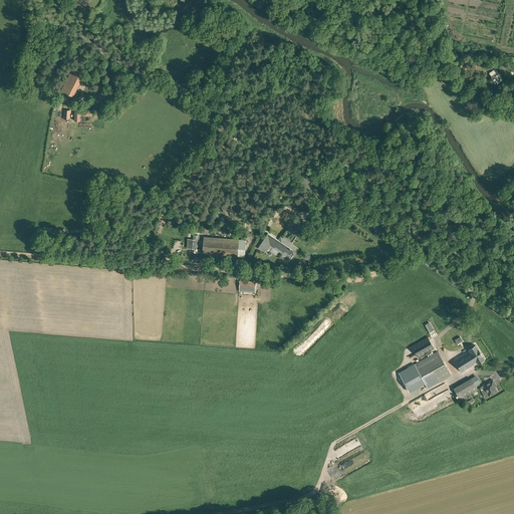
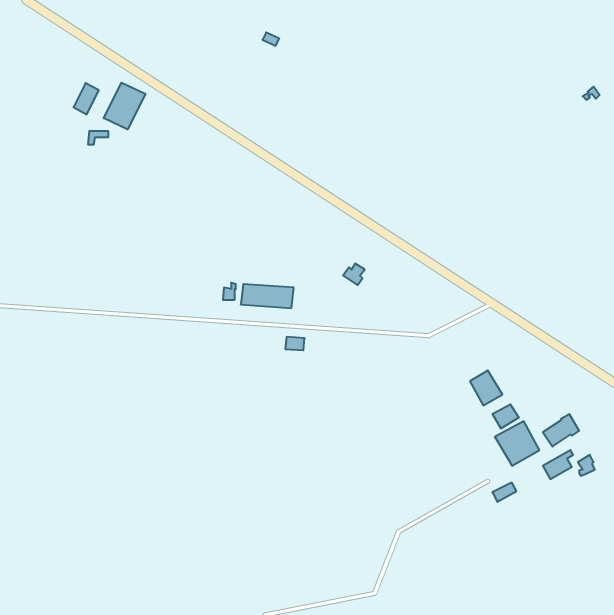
building: none -> [104,83,145,129]
building: [257,233,296,255] -> none
building: [398,364,425,394] -> [470,370,502,405]

